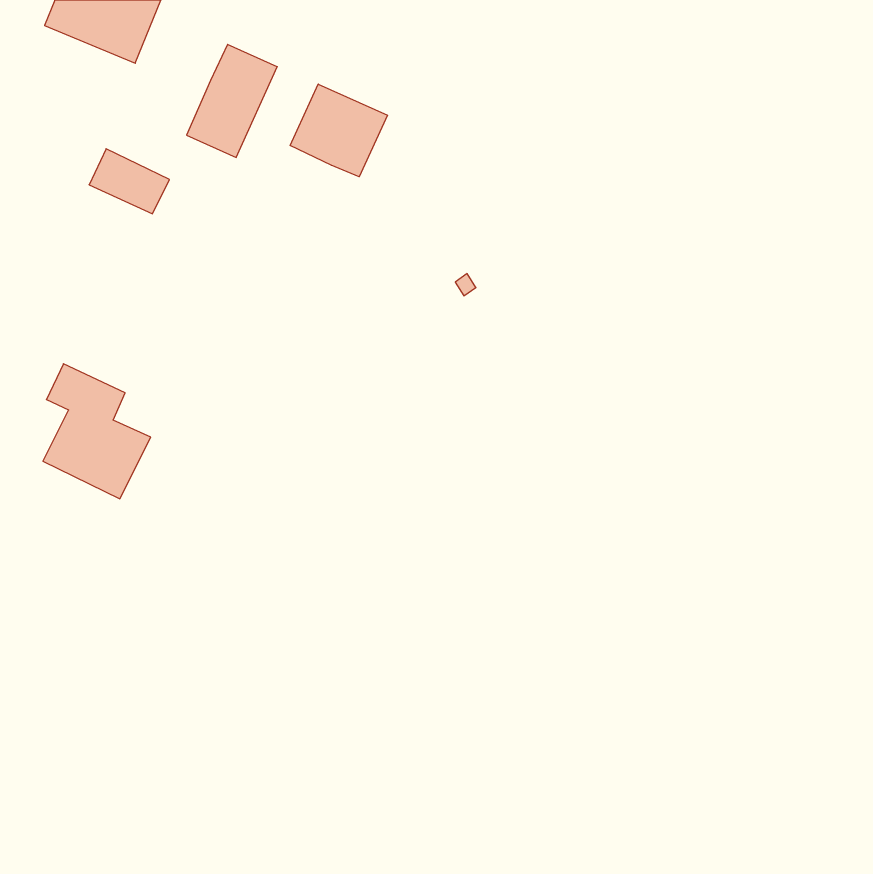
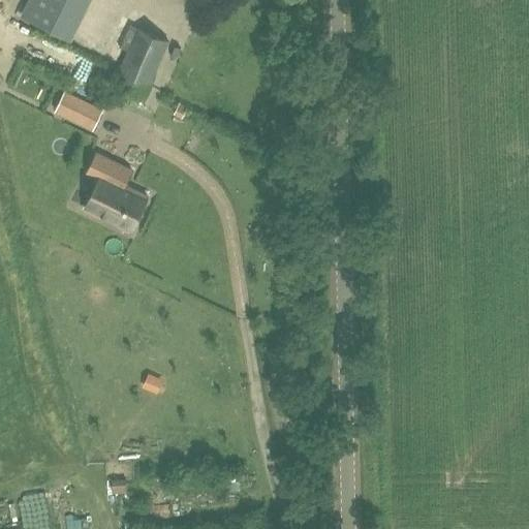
building: [290,84,387,177] -> none
building: [43,364,151,499] -> [83,151,148,232]

